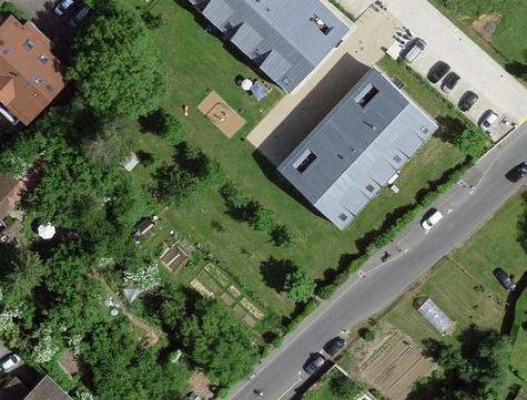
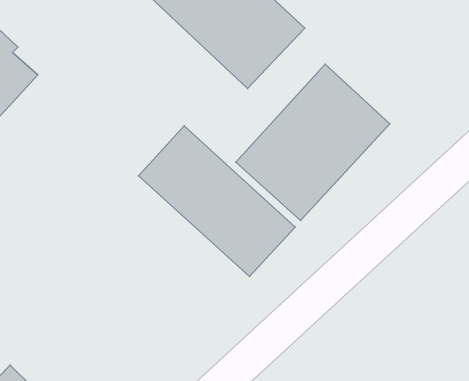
building: none -> [139,126,295,276]

